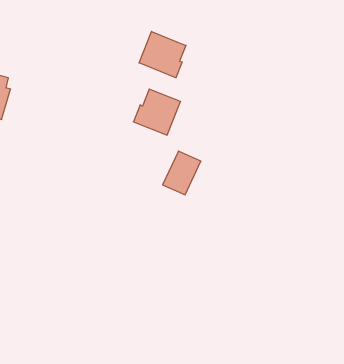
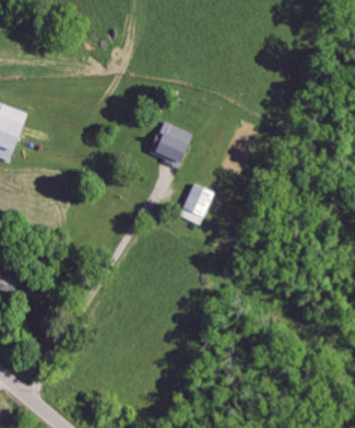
building: [139,31,186,78] -> none

